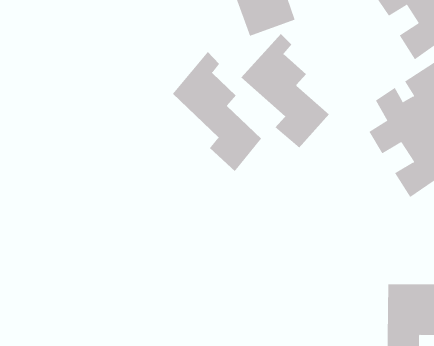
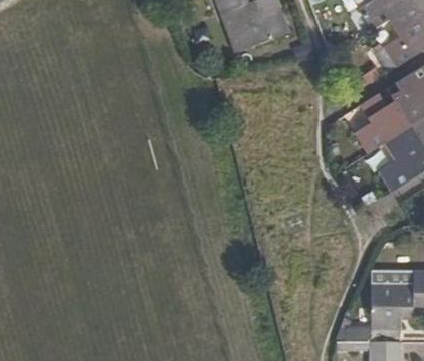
building: [241,33,330,149] -> none
building: [172,51,262,172] -> none

